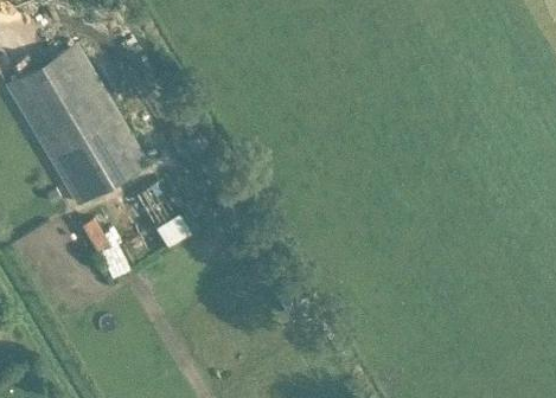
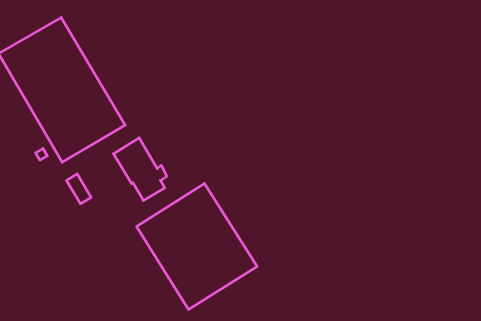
building: none -> [137,183,257,309]

